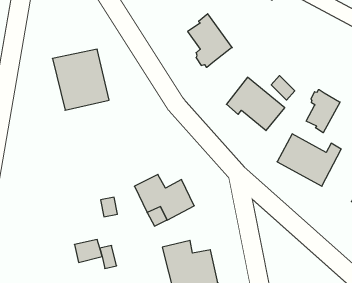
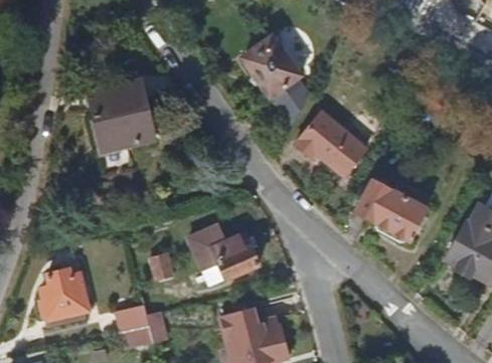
building: none -> [273,76,312,126]
building: [306,90,340,133] -> none
building: none -> [37,268,88,319]

